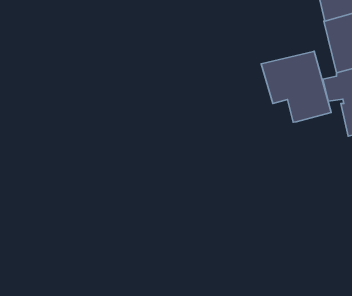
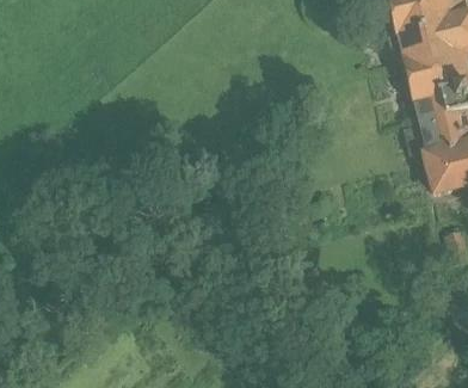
building: [261,51,331,122] -> none

